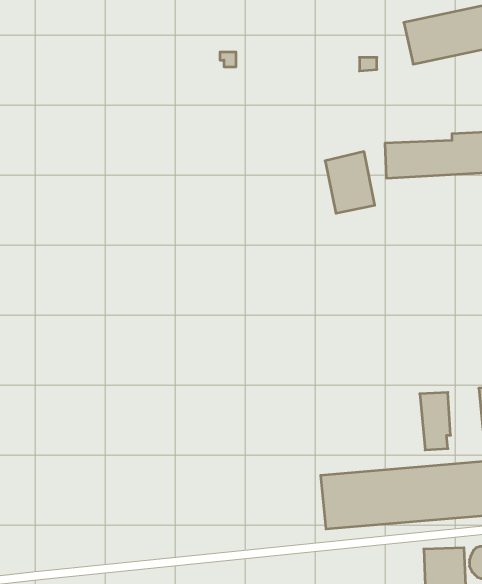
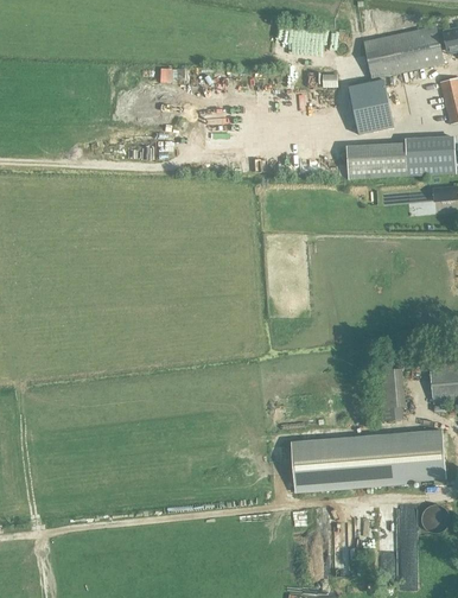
building: [325,152,375,213] -> [349,78,393,133]

